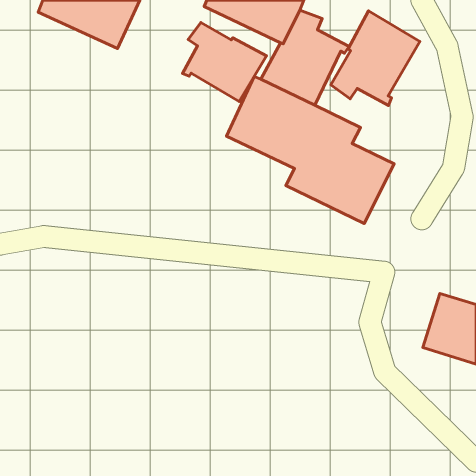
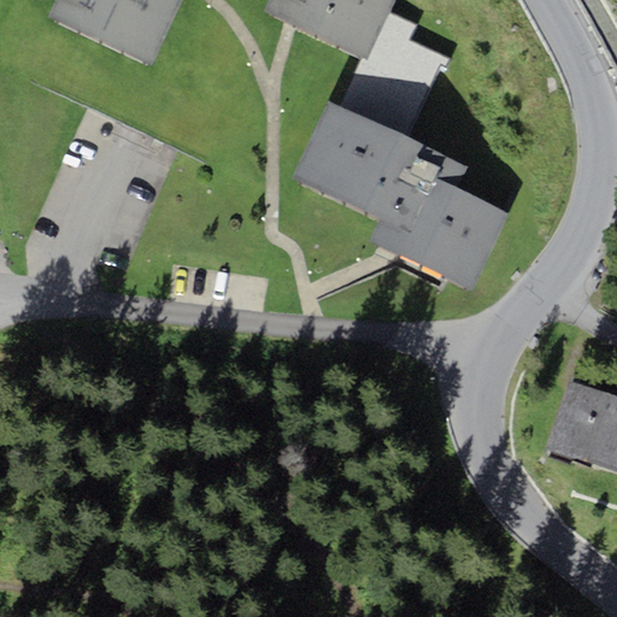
building: [331,11,420,106] -> none
building: [182,22,267,101] -> none

